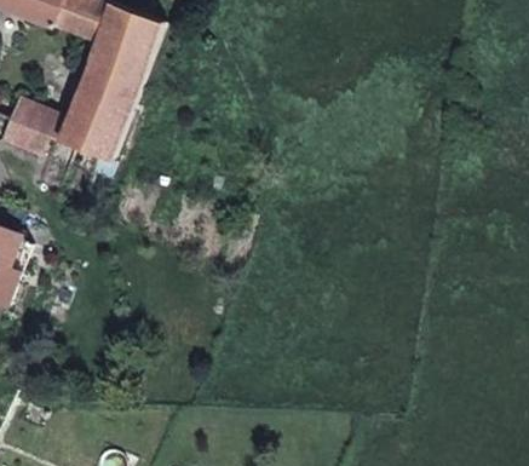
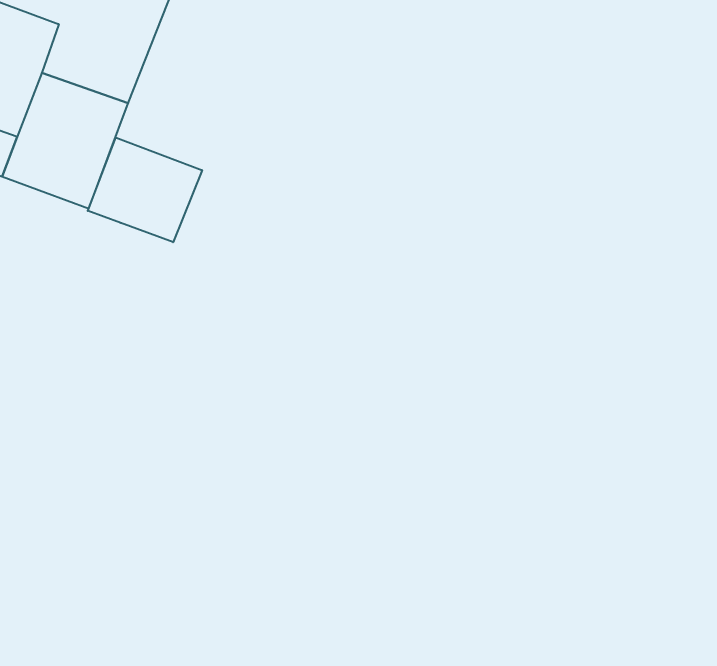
building: none -> [88,138,202,242]

